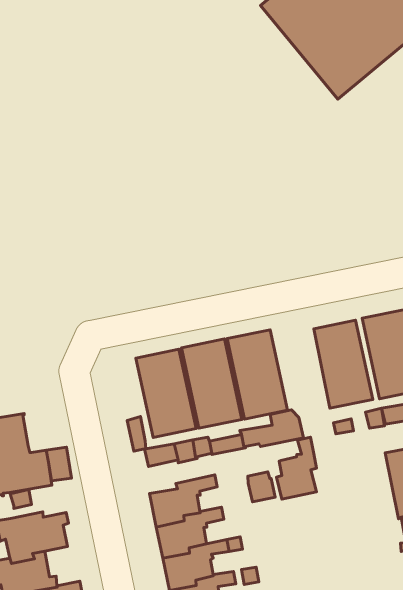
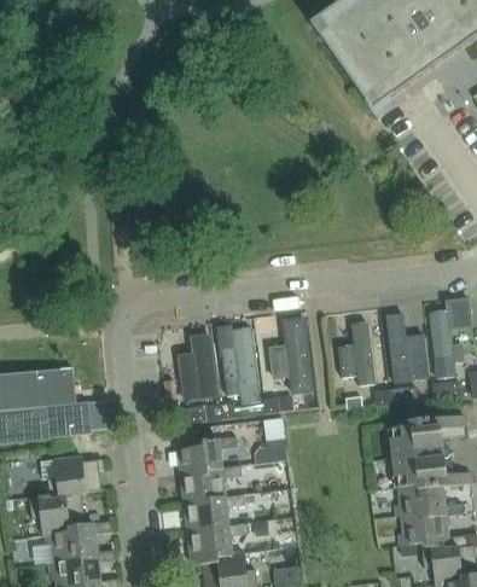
building: [276,437,316,499] -> none

